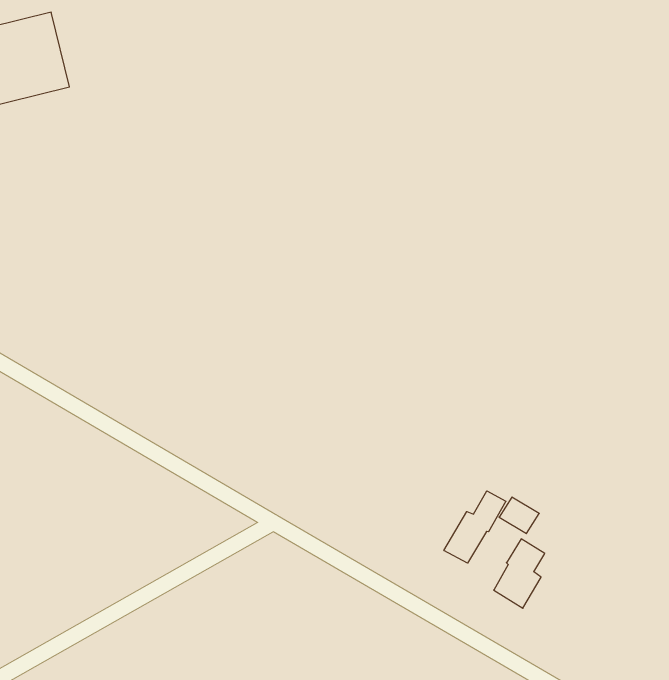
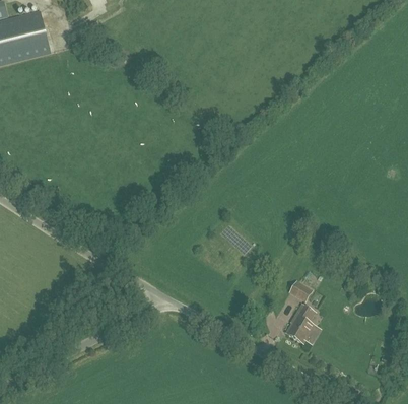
building: [444,491,506,563] -> none

